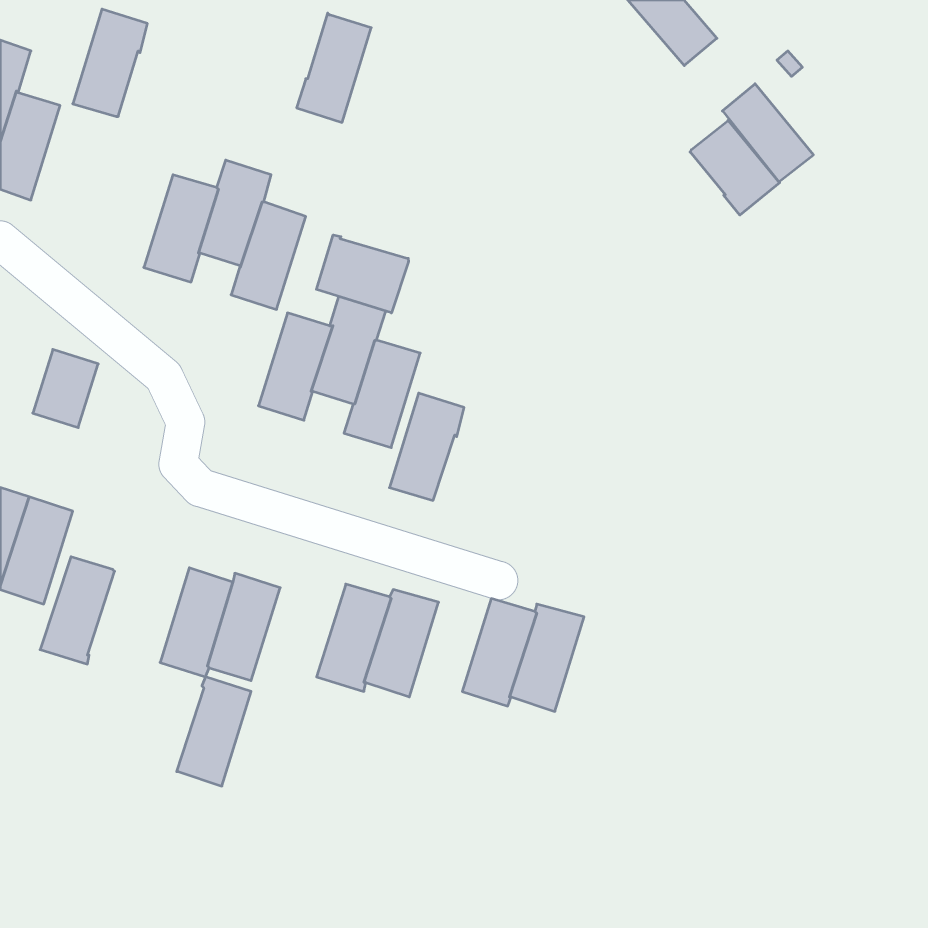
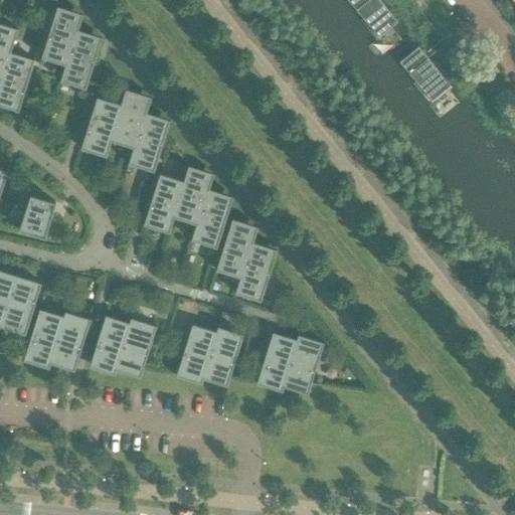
building: [297,13,371,122] -> [60,29,102,90]
building: [690,120,780,215] -> none
building: [316,235,408,313] -> none
building: none -> [235,241,277,302]
building: [177,677,251,786] -> [49,311,91,371]

